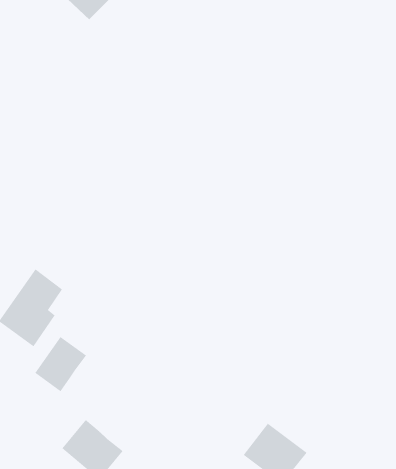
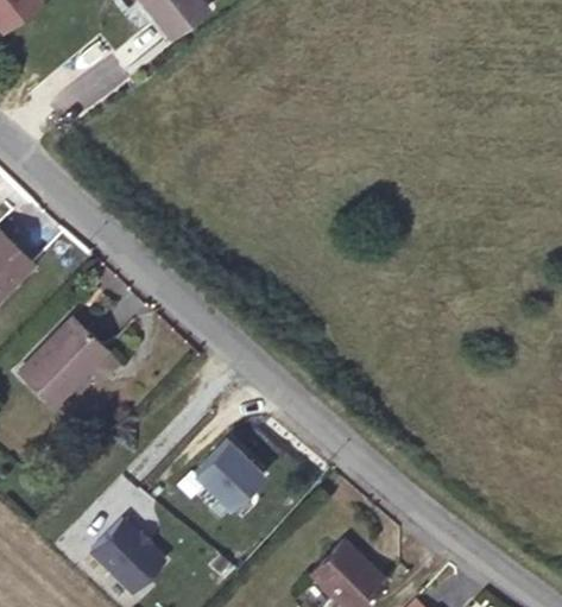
building: [34,336,87,392] -> none
building: none -> [190,430,260,500]

